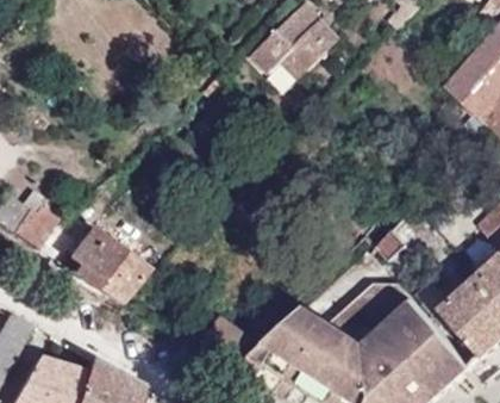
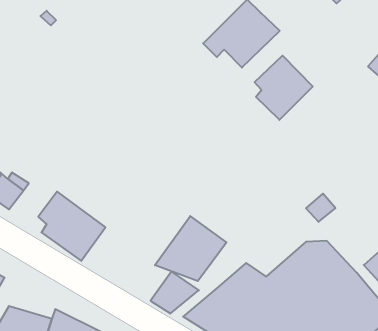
building: none -> [255,56,313,120]
building: none -> [155,216,226,281]

